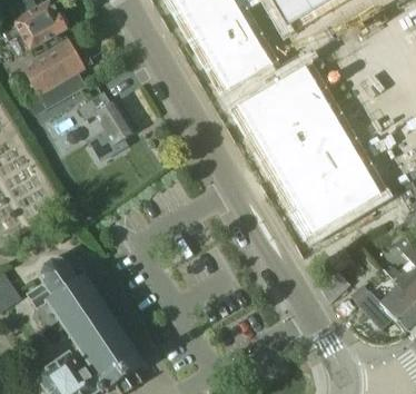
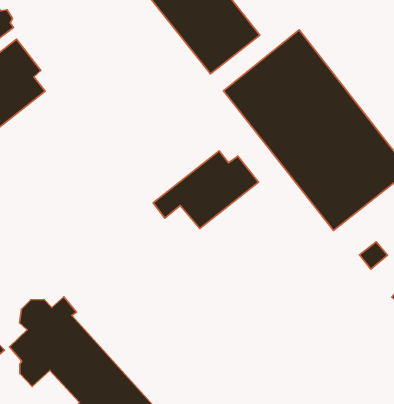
building: [79,91,135,159] -> none
building: none -> [153,151,259,228]

